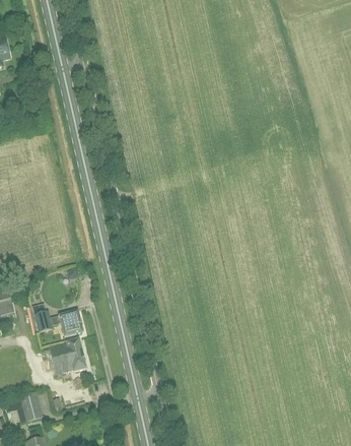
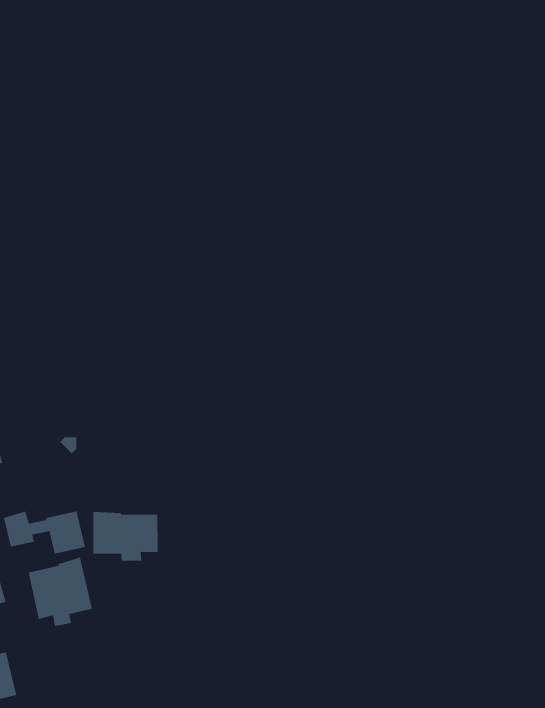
building: none -> [93,511,159,562]

